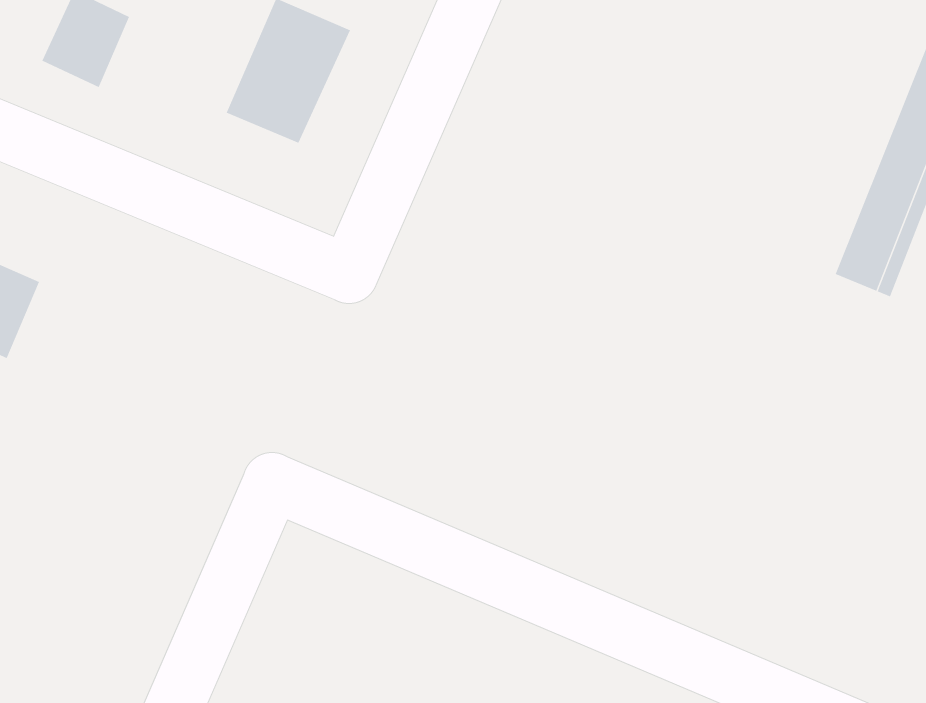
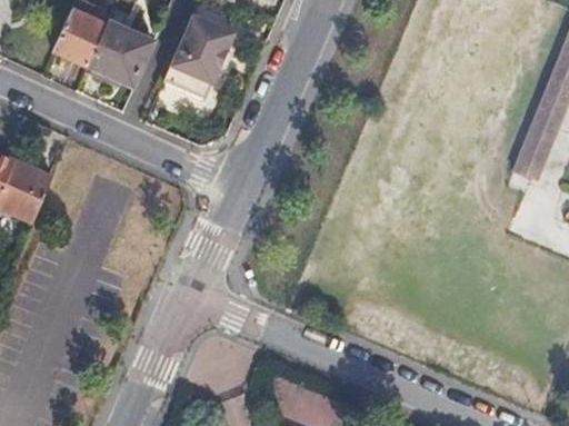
building: none -> [88,20,153,86]

